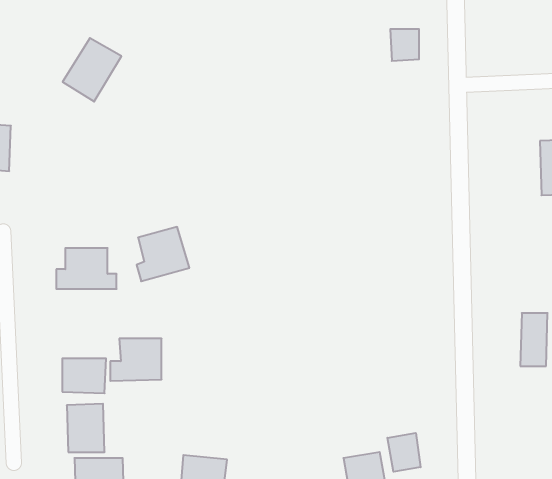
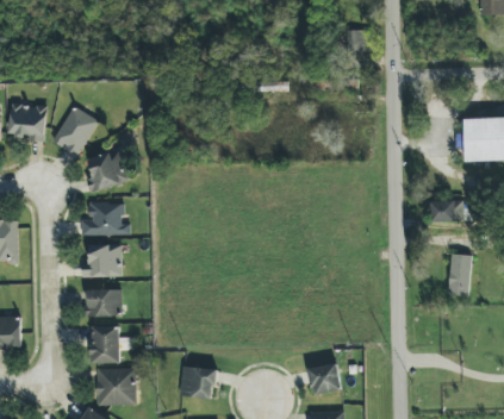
building: [63,38,121,102] -> [52,106,99,156]
building: [137,227,189,281] -> [87,149,129,192]
building: none -> [431,200,463,221]
building: [110,339,162,381] -> [82,244,123,277]
building: [387,433,421,472] -> none

